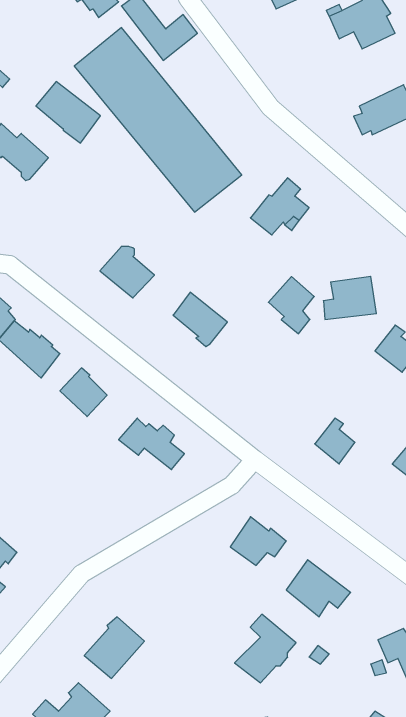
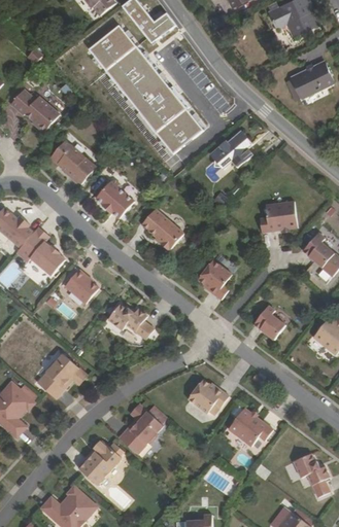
building: [36,82,100,143] -> [54,141,100,185]
building: [268,277,314,334] -> [201,258,234,300]
building: none -> [41,352,91,397]
building: [235,614,296,683] -> [127,409,171,458]

